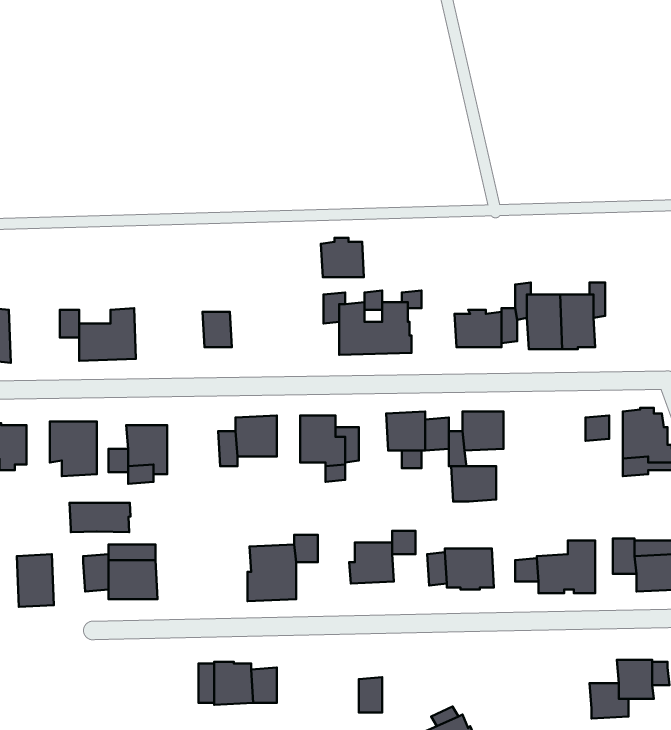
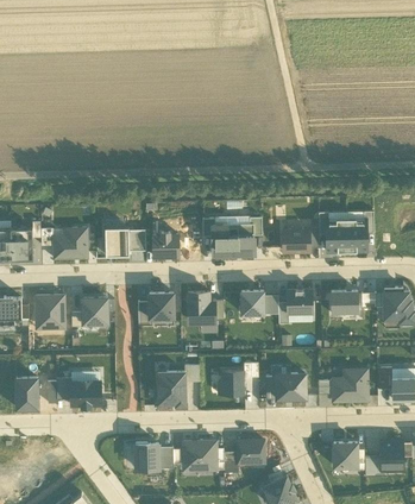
building: [321,238,364,277] -> [152,232,178,256]
building: none -> [10,227,32,260]
building: none -> [103,227,128,256]
building: [451,466,496,501] -> [329,291,357,313]
building: [70,503,131,532] -> none
building: none -> [237,440,263,462]
building: none -> [182,441,215,470]
building: none -> [332,442,357,466]

